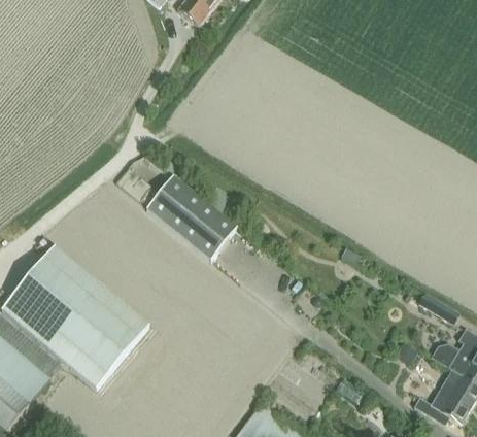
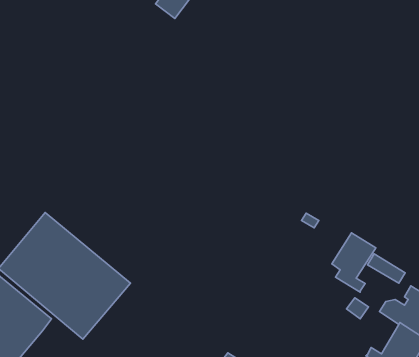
building: [146,175,237,260] -> none
building: none -> [332,233,376,292]

